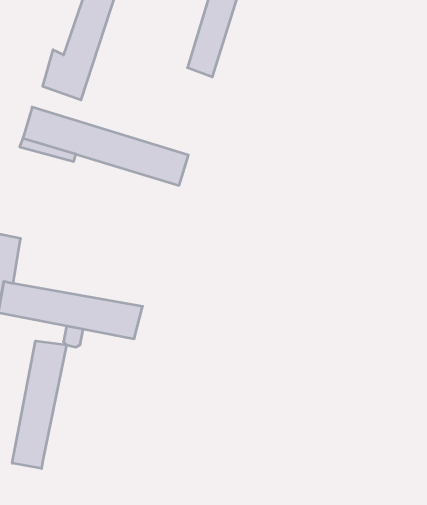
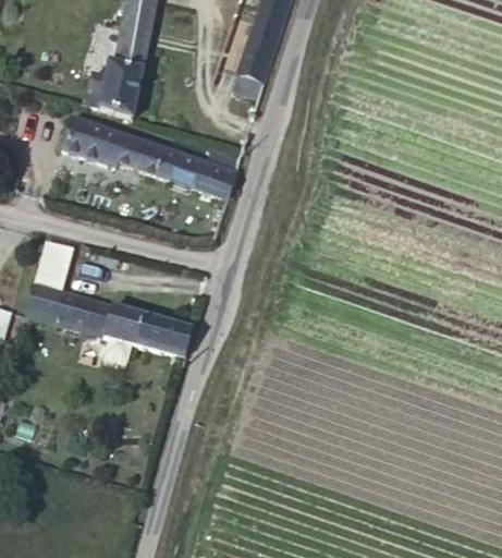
building: [12,341,66,469] -> none

